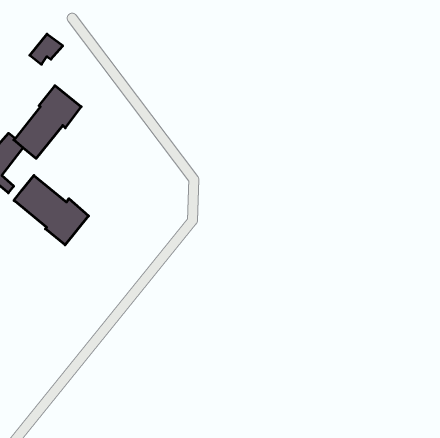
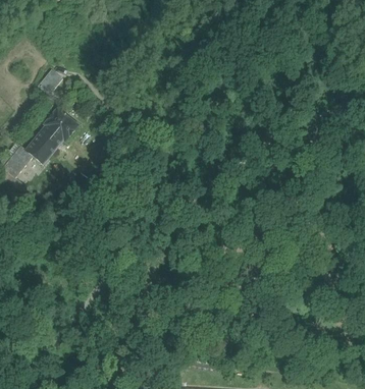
building: [14,175,89,245] -> none

